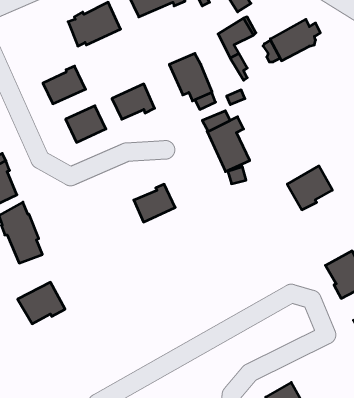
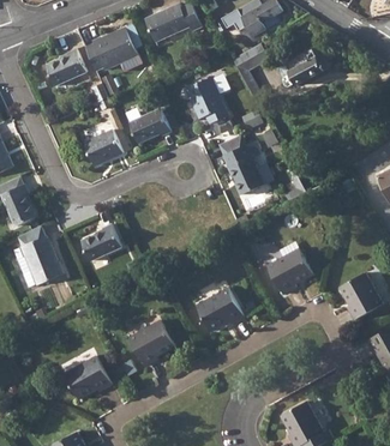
building: [43,66,86,104] -> [46,49,88,86]
building: [287,166,332,210] -> [268,249,312,293]
building: [134,184,175,222] -> [82,224,122,261]
building: none -> [197,289,242,330]
building: [18,282,65,324] -> [65,357,112,398]
building: none -> [130,321,174,366]

